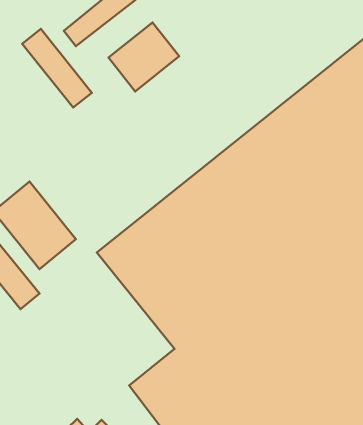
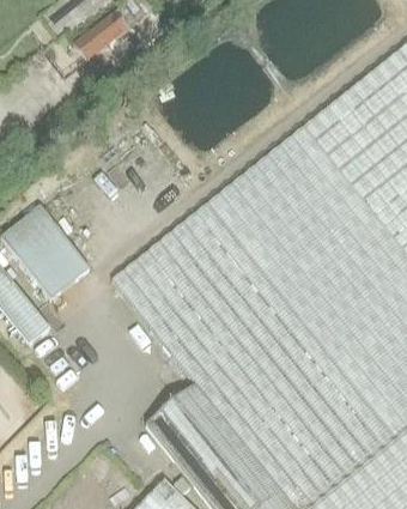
building: [108,22,179,91] -> none
building: [22,29,92,108] -> none

